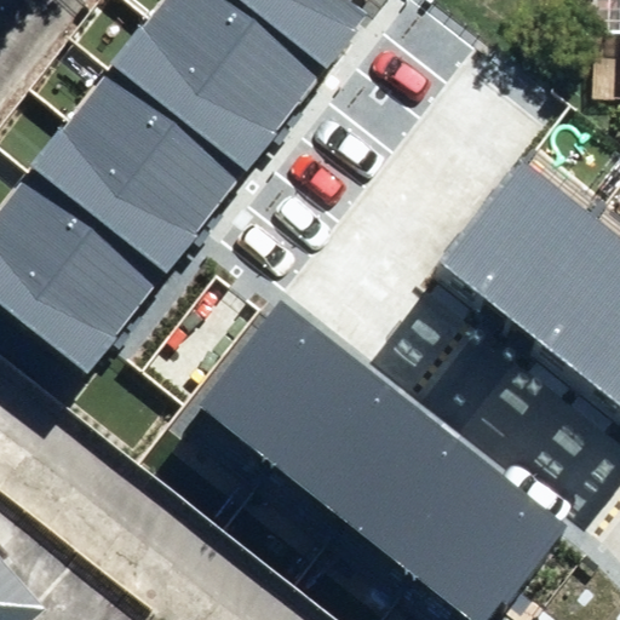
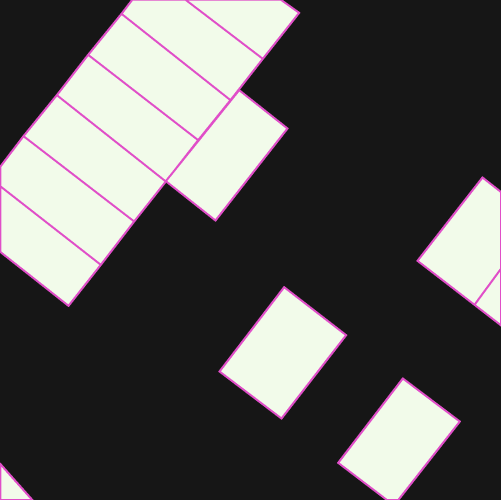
building: none -> [166,90,288,221]
building: [442,162,596,322] -> none
building: [199,299,351,459] -> none
building: [348,414,498,572] -> none

